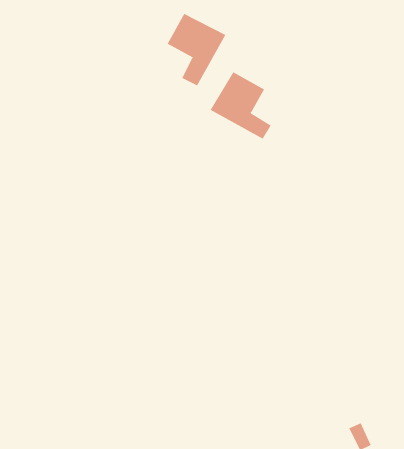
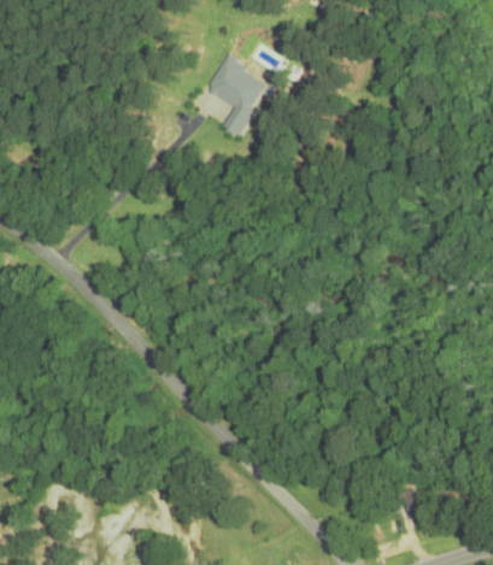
building: [210,71,272,140] -> none

